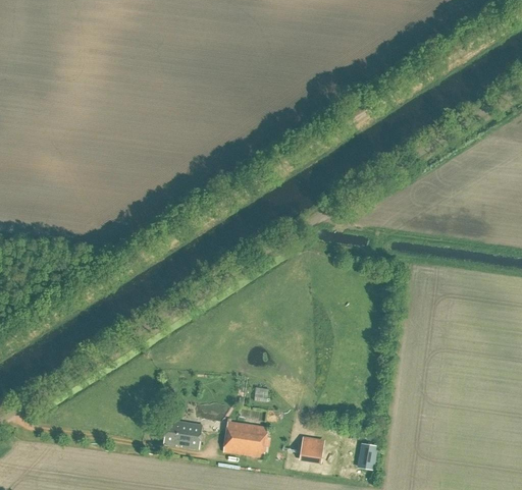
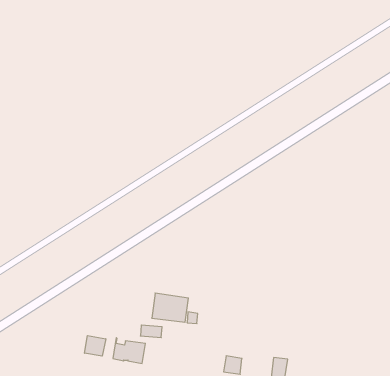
building: none -> [85,336,106,356]
building: [222,421,267,456] -> [152,293,188,322]

